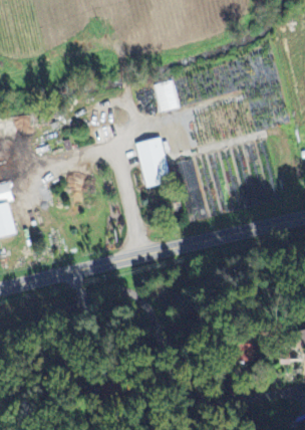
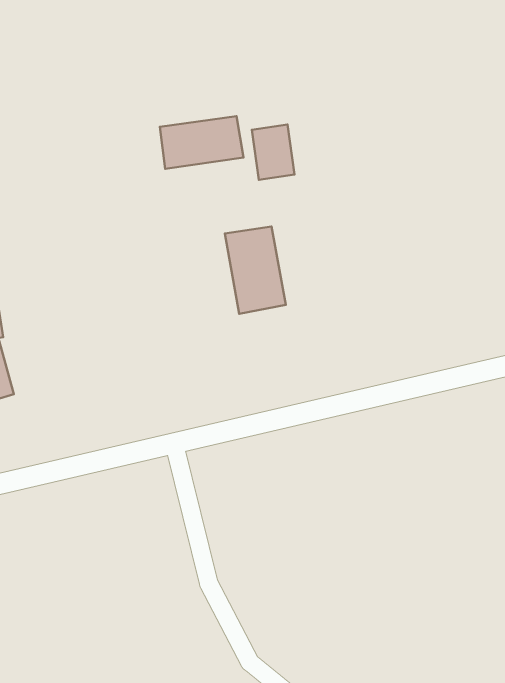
building: none -> [160,116,243,169]

